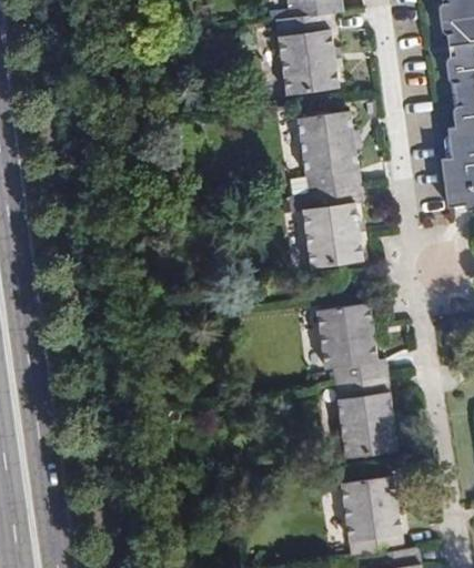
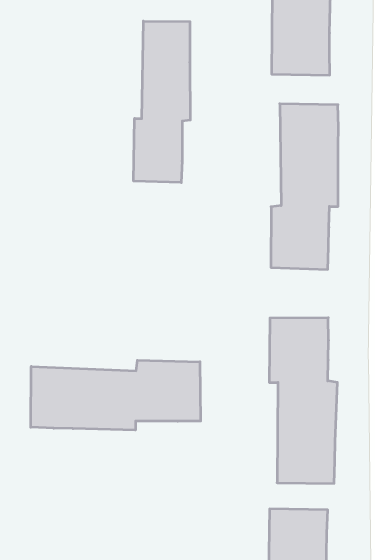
building: none -> [134,21,190,183]
building: none -> [31,360,201,430]

